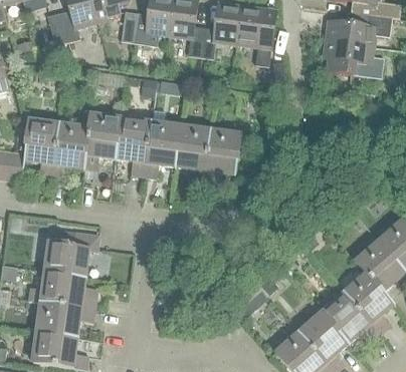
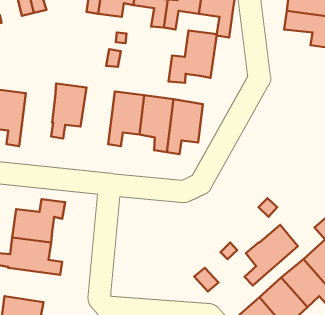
building: none -> [168,31,217,83]
building: [115,115,150,173] -> none
building: [51,121,88,177] -> none
building: none -> [245,225,298,286]
building: [36,300,93,335] -> none

